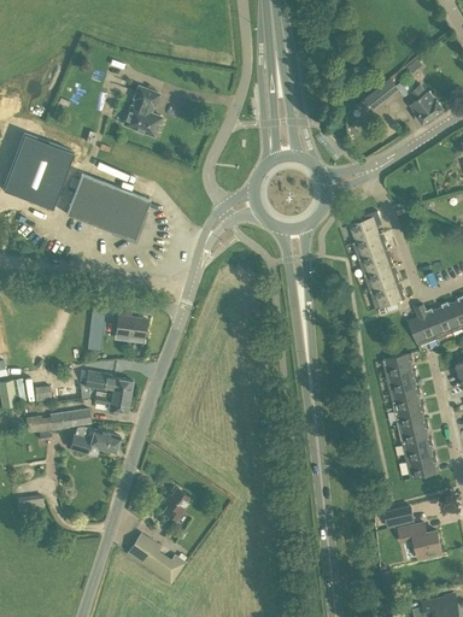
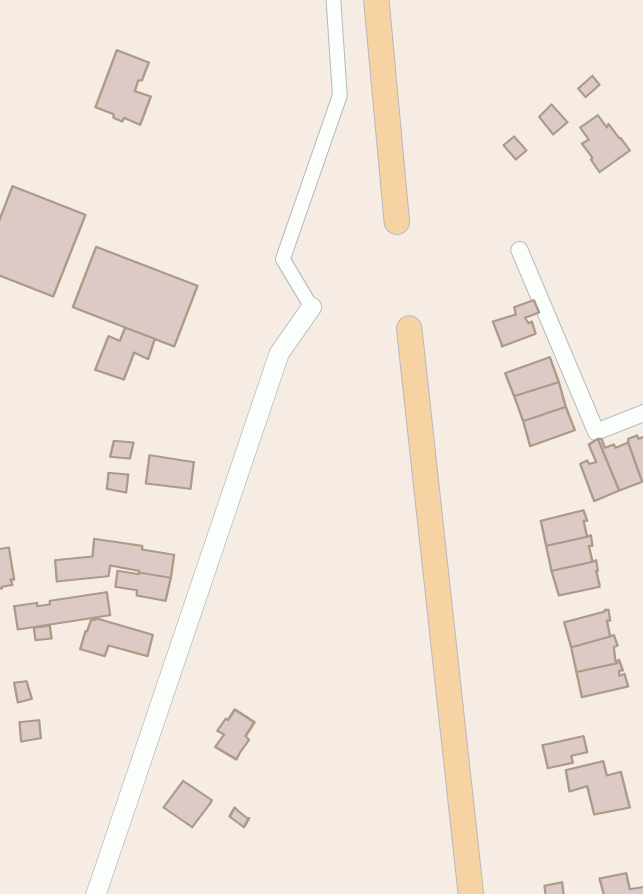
building: [123,87,160,137] -> [96,50,151,125]
building: none -> [95,327,155,379]
building: [351,233,387,260] -> none
building: [393,404,424,429] -> none

